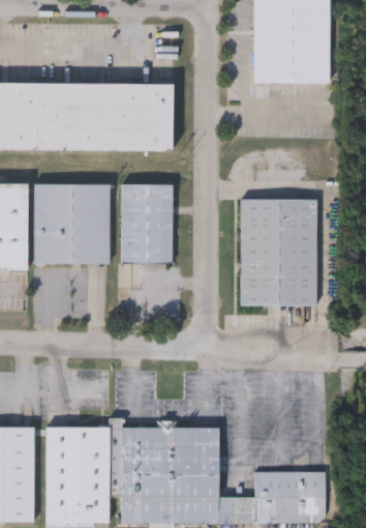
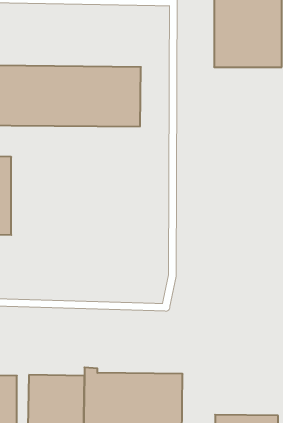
building: [33,184,110,265] -> none
building: [121,184,172,263] -> none
building: [240,200,316,306] -> none

